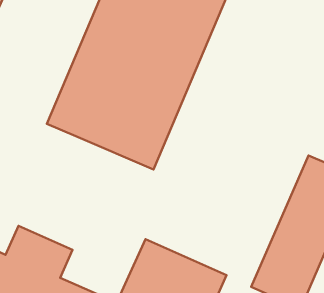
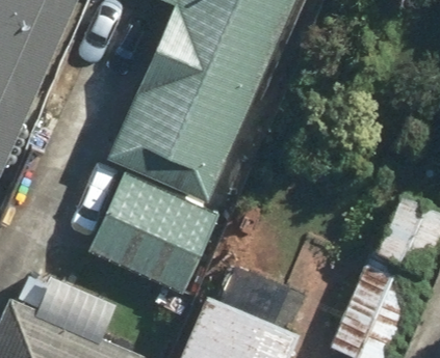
building: none -> [89,171,216,292]

